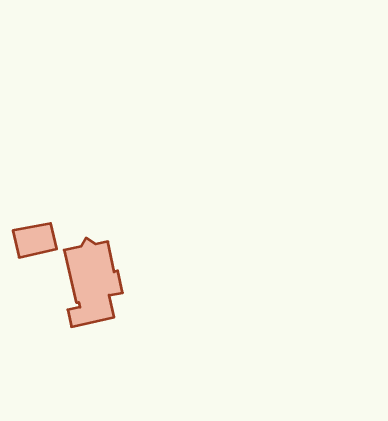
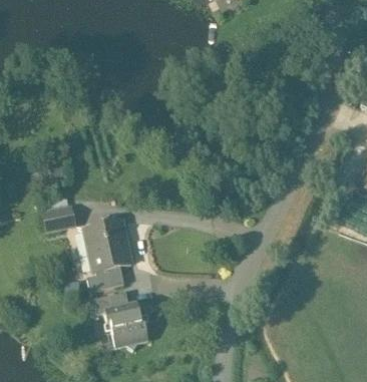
building: none -> [92,291,152,349]

